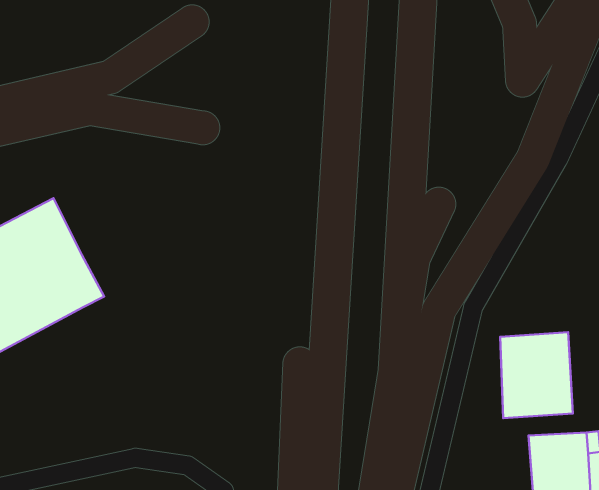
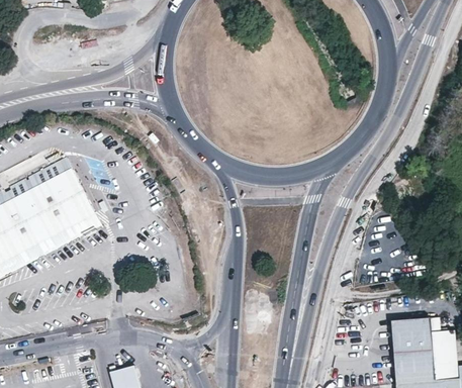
building: [500,332,573,418] -> none

